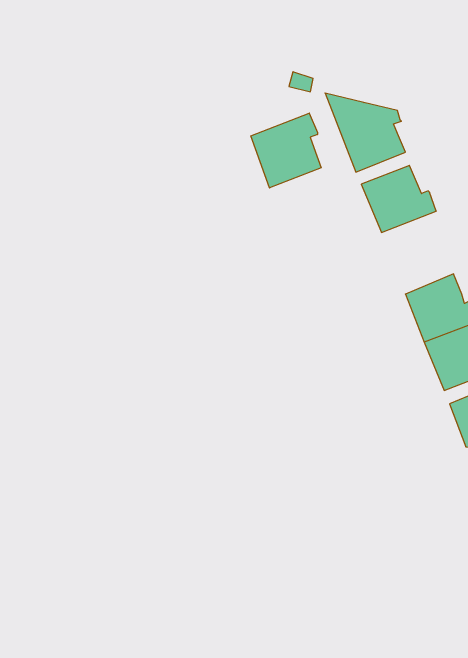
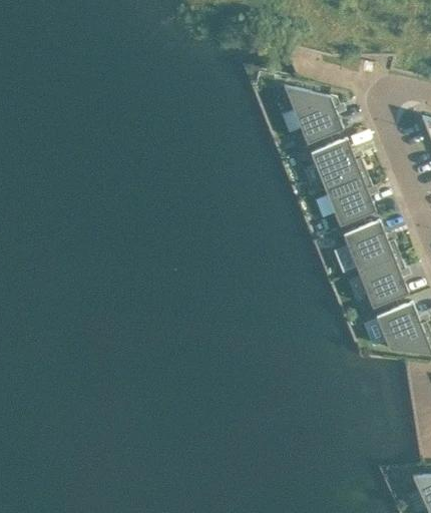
building: [251,113,321,188] -> none
building: none -> [324,173,374,225]

